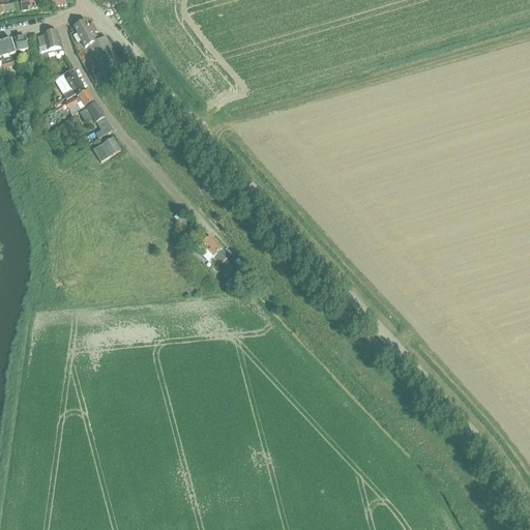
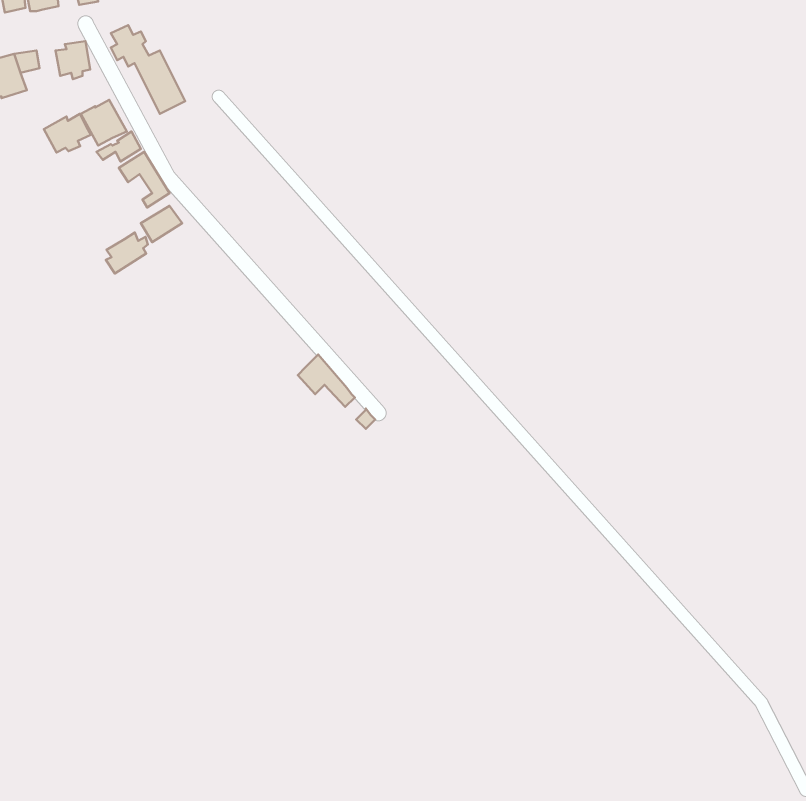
building: none -> [44,114,91,152]
building: none -> [106,233,148,273]

